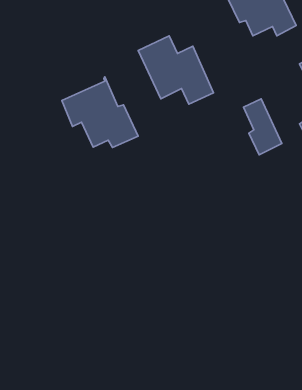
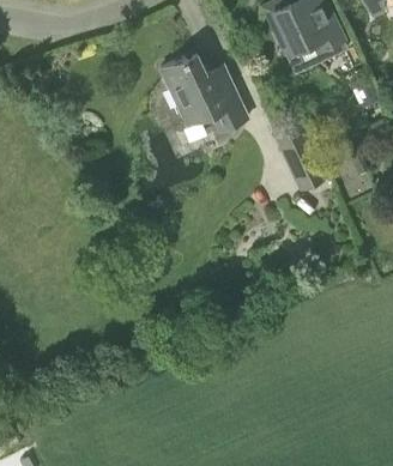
building: [62,77,138,147] -> none

